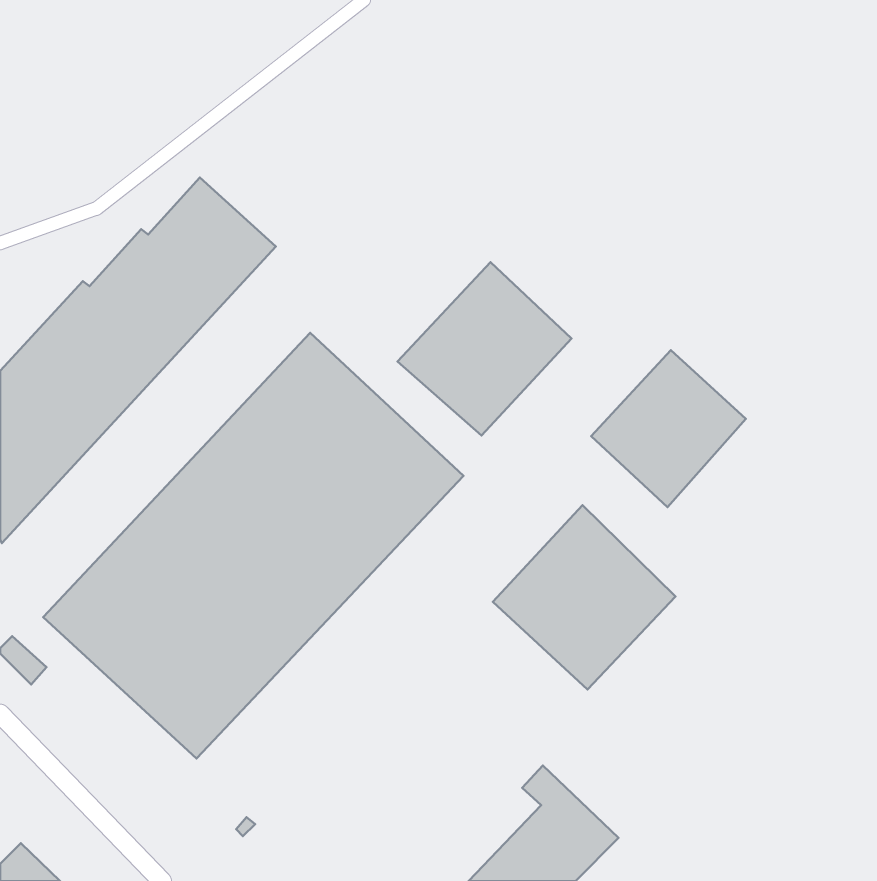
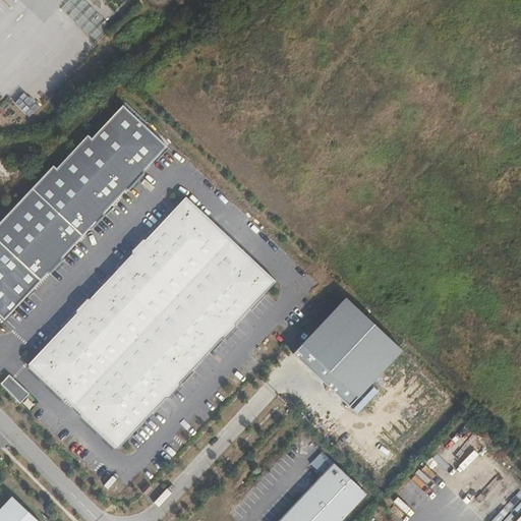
building: [397,262,571,435] -> none
building: [591,350,746,507] -> none

